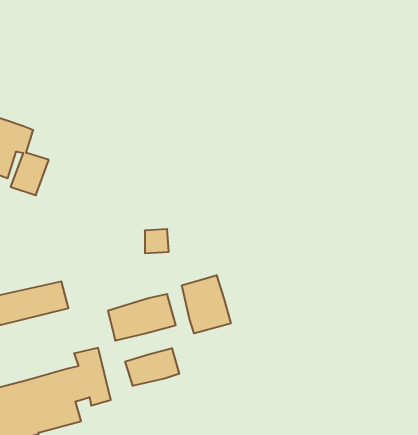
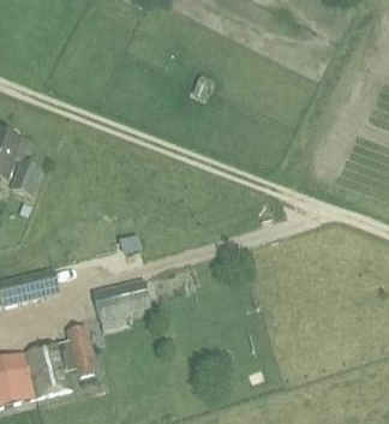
building: [182,275,231,333] -> none
building: [125,348,179,386] -> none

